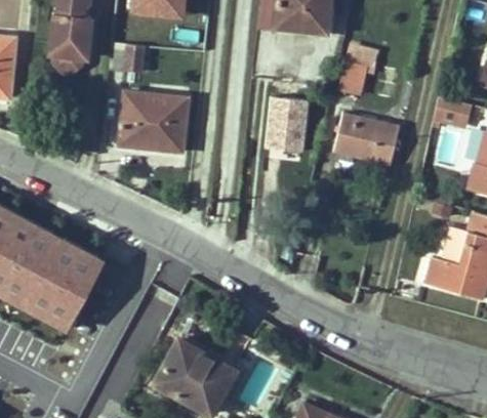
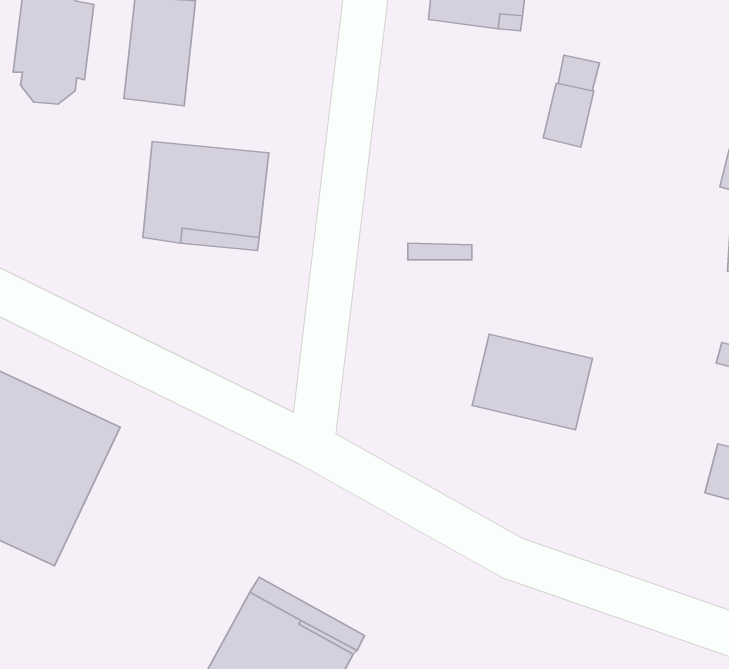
building: [266,94,308,148] -> none
building: [333,115,399,167] -> [472,334,592,430]

